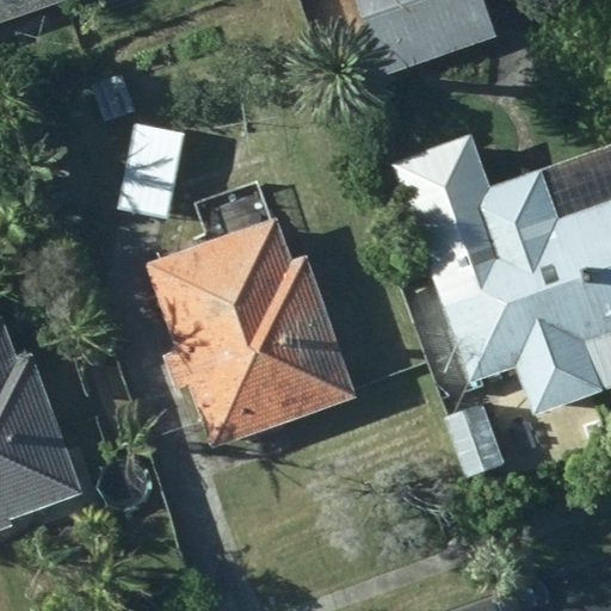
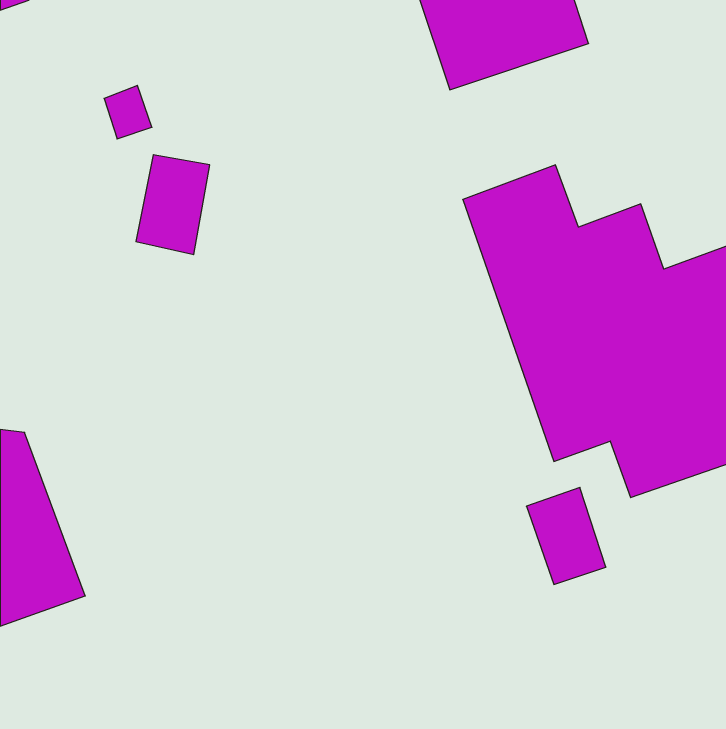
building: [146,218,353,445] -> none

